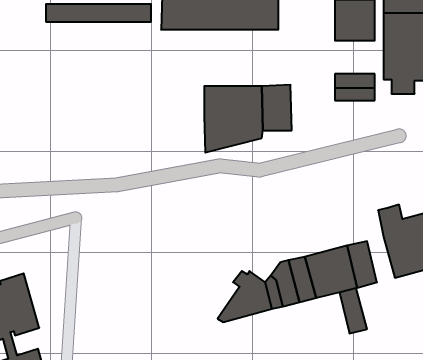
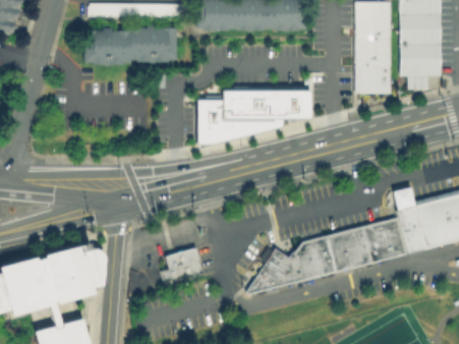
building: none -> [81,25,175,62]
building: none -> [354,38,391,68]
building: none -> [198,107,235,148]
building: none -> [162,246,207,282]
building: none -> [68,248,105,301]
building: [339,288,367,333] -> [384,218,409,260]

